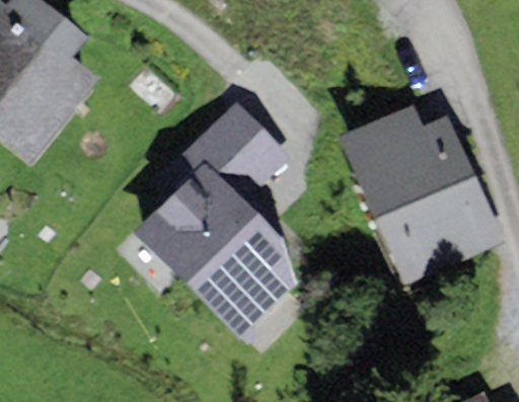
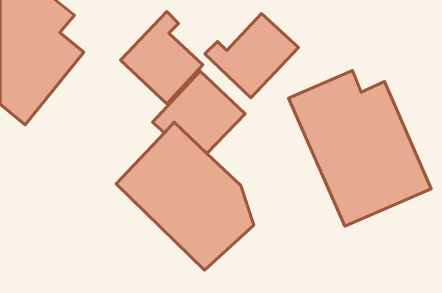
building: none -> [121,12,203,104]
building: none -> [205,13,298,98]

